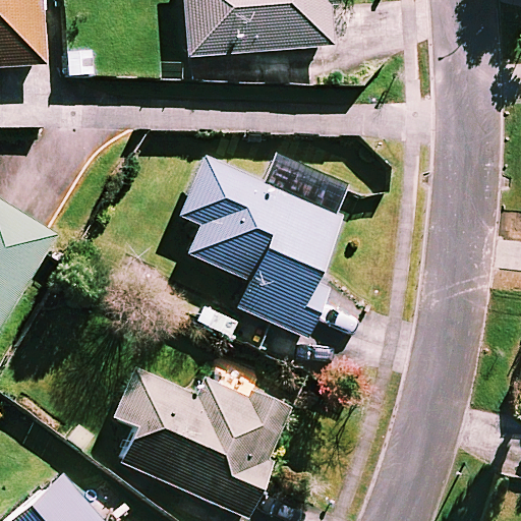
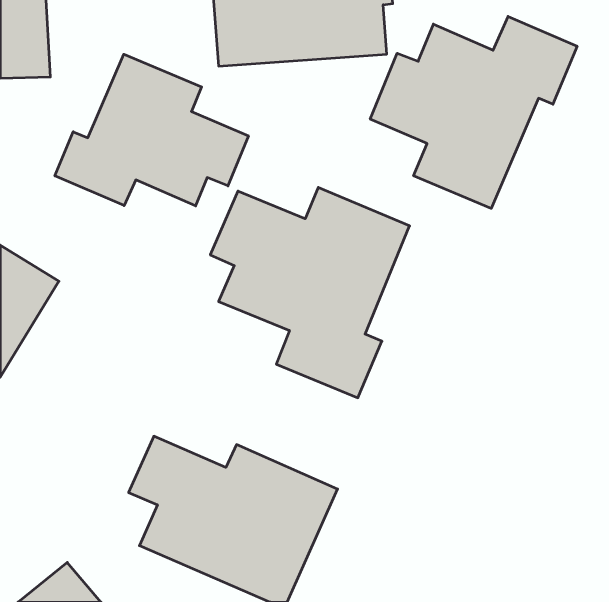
building: none -> [370,16,577,208]
building: none -> [55,54,248,206]

